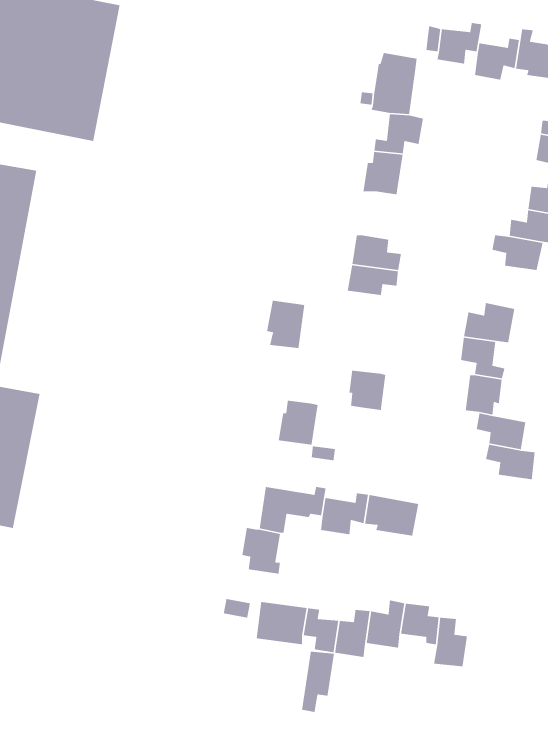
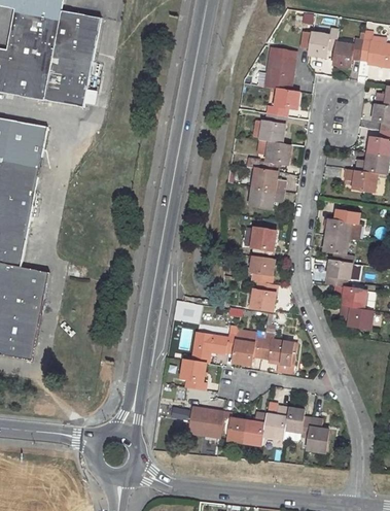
building: none -> [258,140,290,171]
building: [266,300,305,349] -> [250,227,276,259]
building: [278,400,319,445] -> [250,281,277,311]
building: [301,651,335,713] -> none

